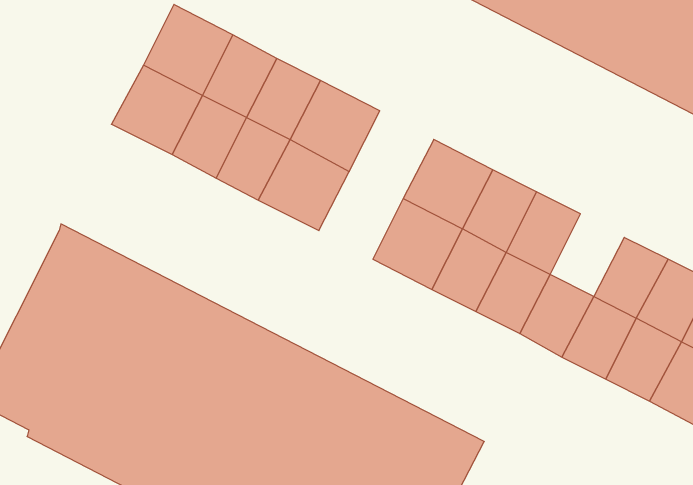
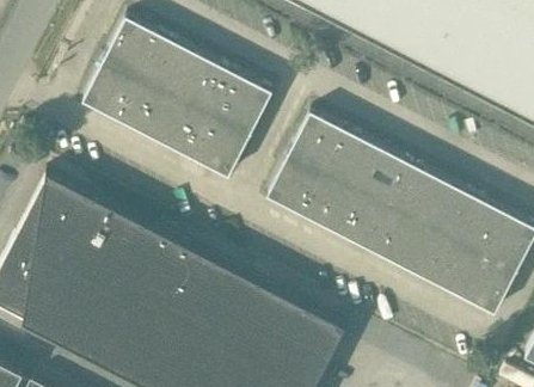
building: none -> [393,166,446,225]

